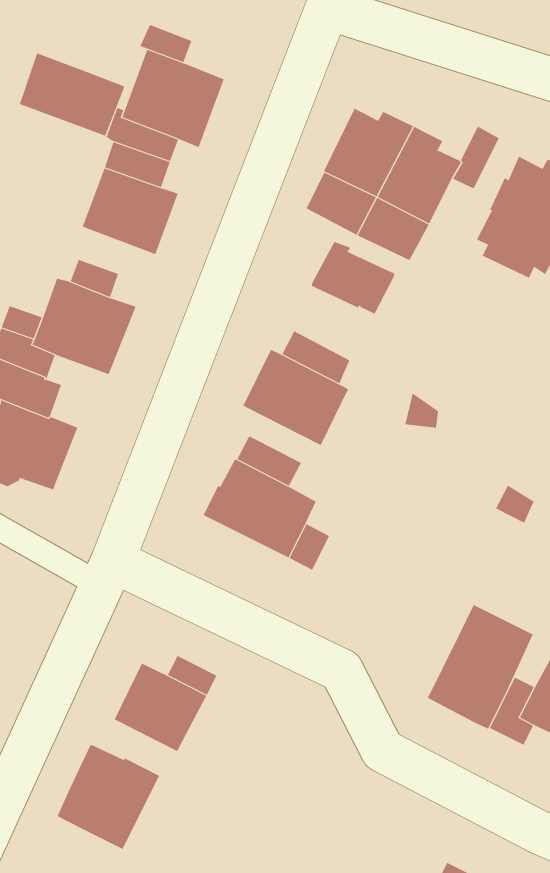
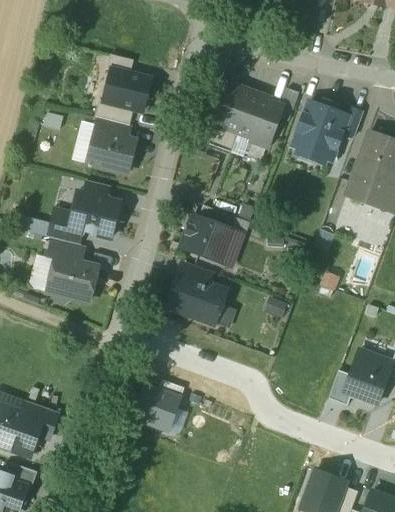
building: [19,53,125,136] -> none
building: [311,241,395,315] -> none
building: [427,604,533,730] -> none
building: [57,744,160,850] -> none

